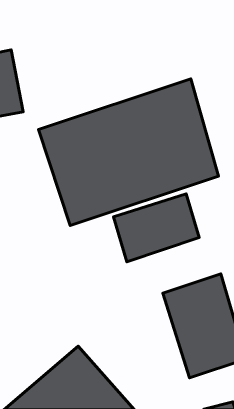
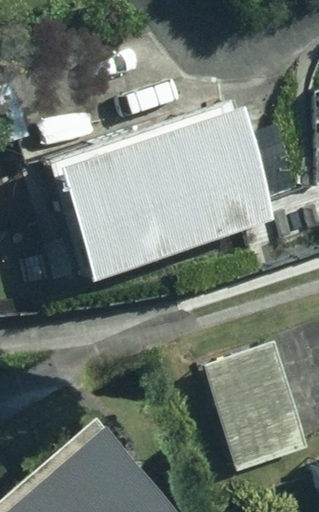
building: [114,194,199,262] -> none

